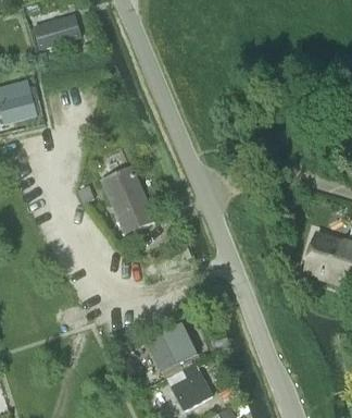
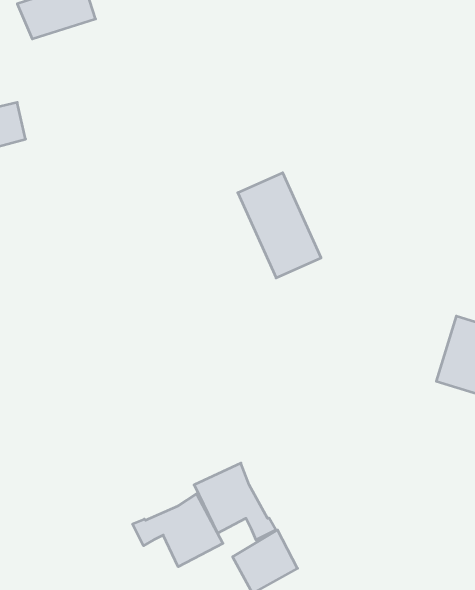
building: [100,165,154,234] -> [238,173,321,278]
building: none -> [133,494,223,567]

